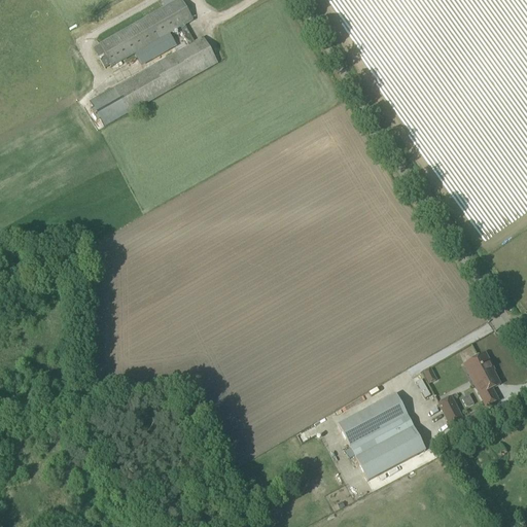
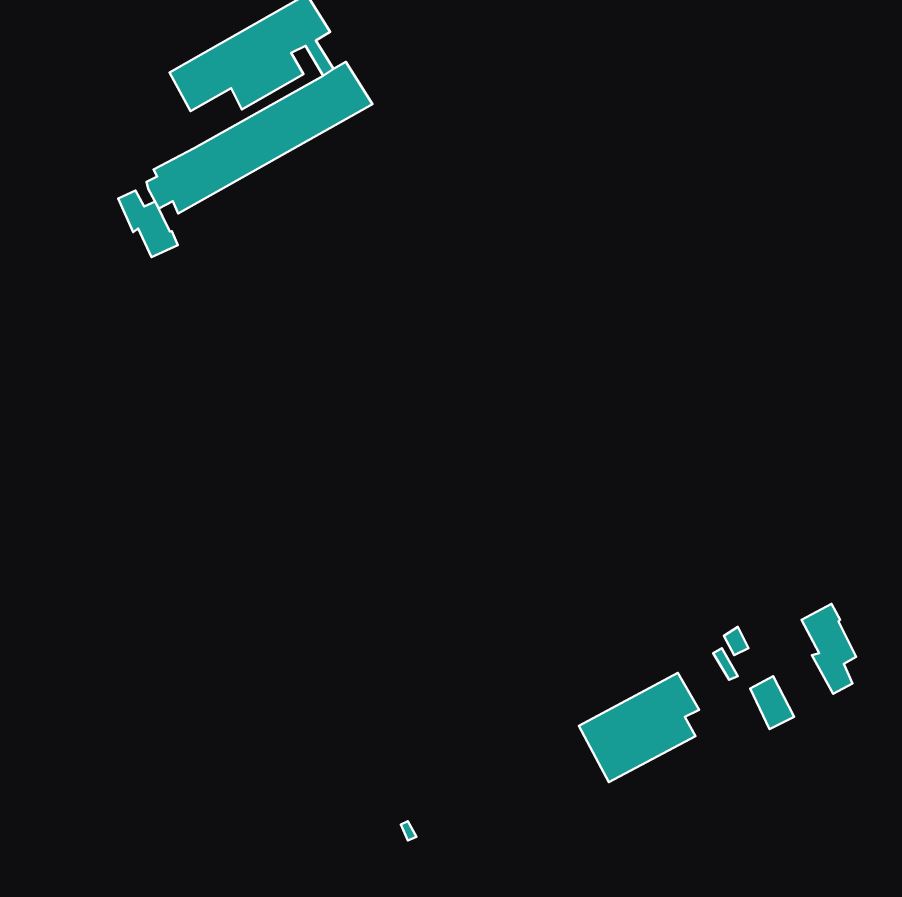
building: none -> [118,191,178,257]
building: [355,425,426,480] -> none

